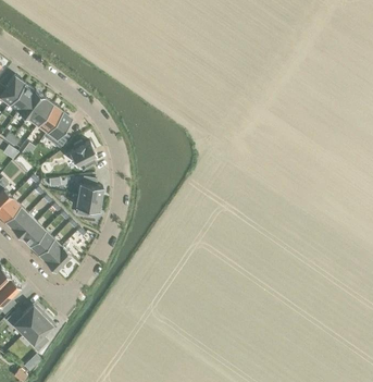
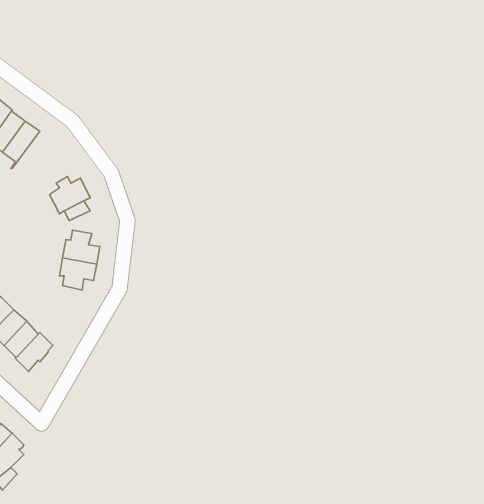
building: [43,111,72,148] -> none

